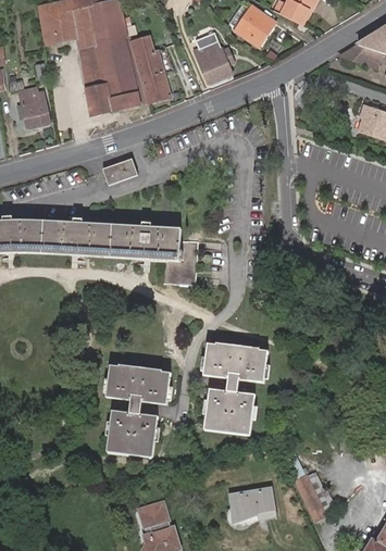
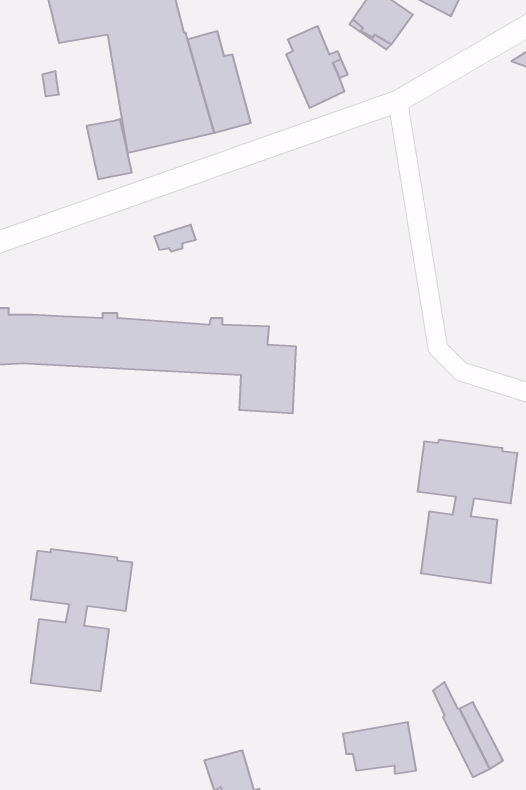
building: [20,90,49,129] -> [87,119,132,179]
building: [203,341,269,435] -> [417,440,518,583]
building: [107,363,173,455] -> [31,549,132,691]

